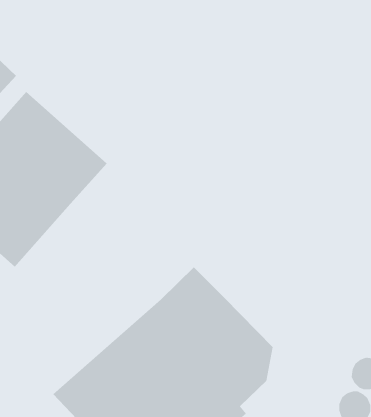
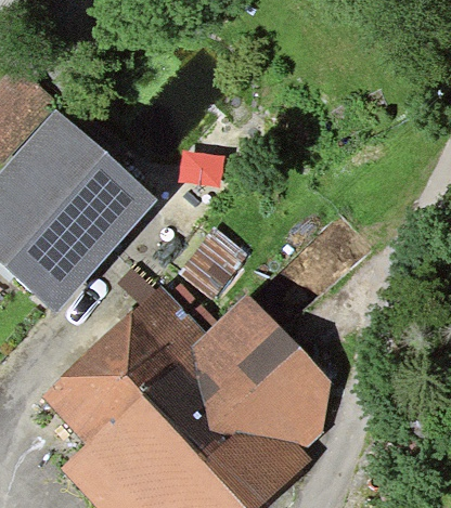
building: none -> [54,289,204,439]

